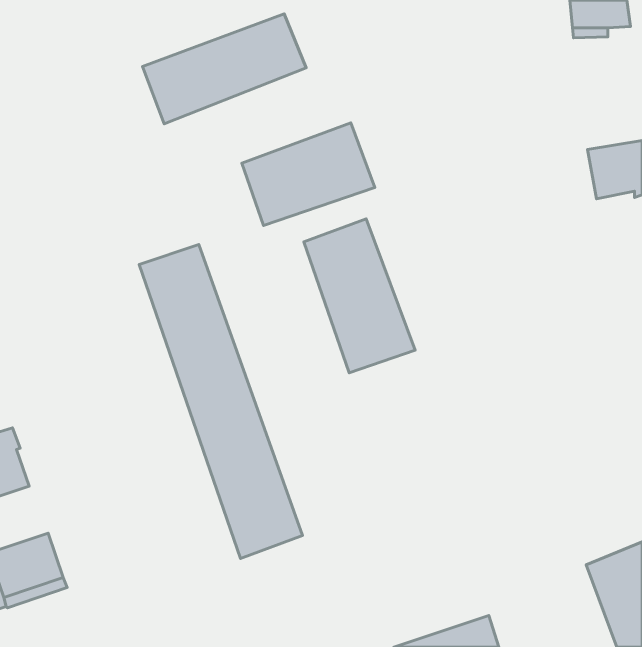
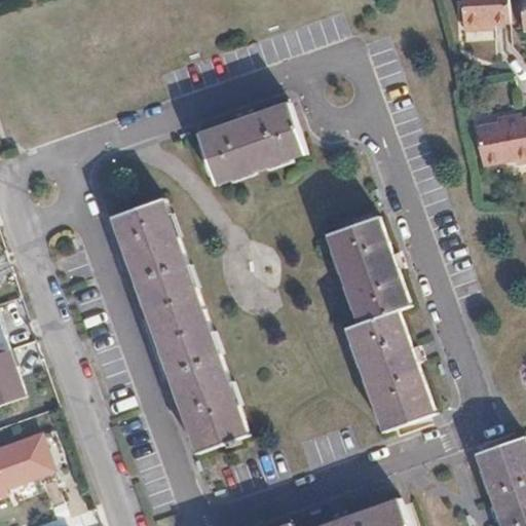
building: [143,14,306,124] -> none
building: [304,219,415,373] -> none
building: none -> [327,220,435,434]

